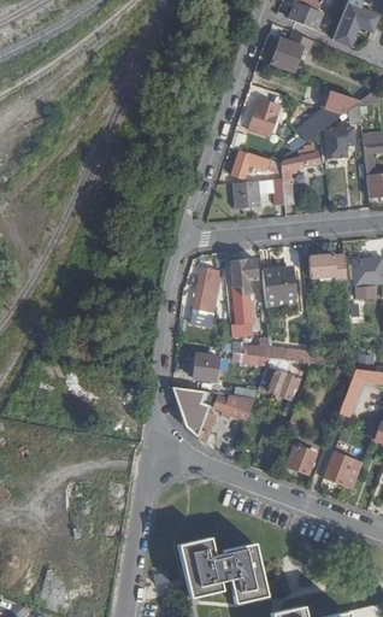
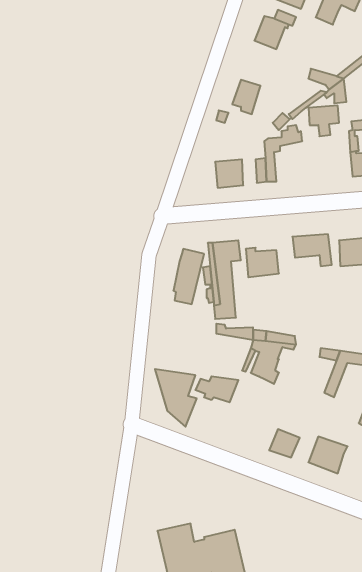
building: [231,149,269,178] -> none
building: [193,353,219,378] -> none

